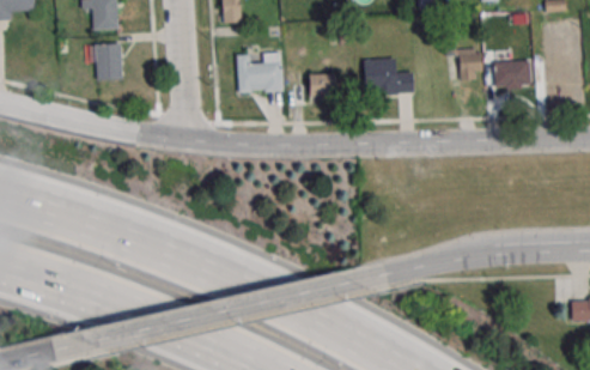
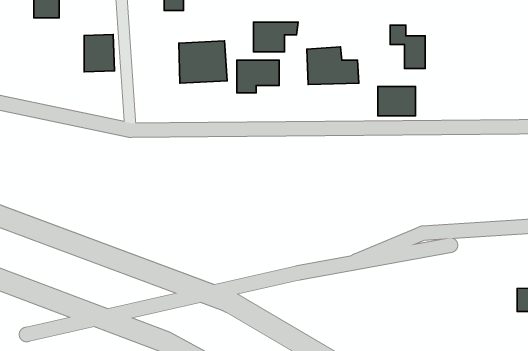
building: none -> [253,22,298,52]
building: [93,43,123,80] -> [84,34,114,72]
building: [494,60,531,89] -> [378,87,415,116]

